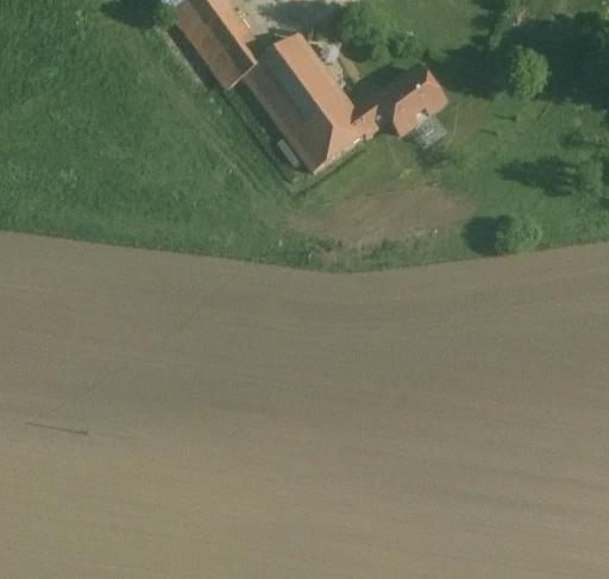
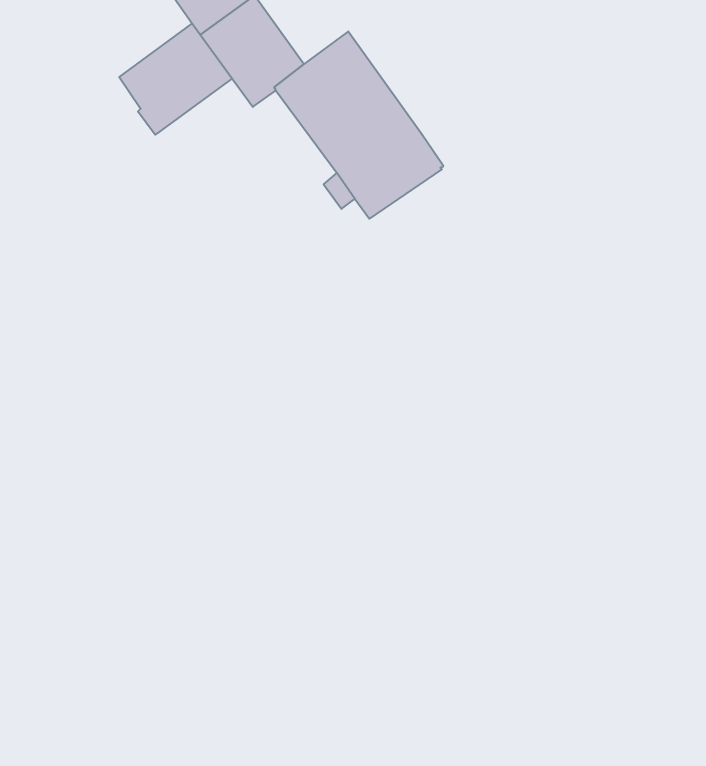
building: none -> [119,23,232,135]
building: [350,67,441,132] -> none

